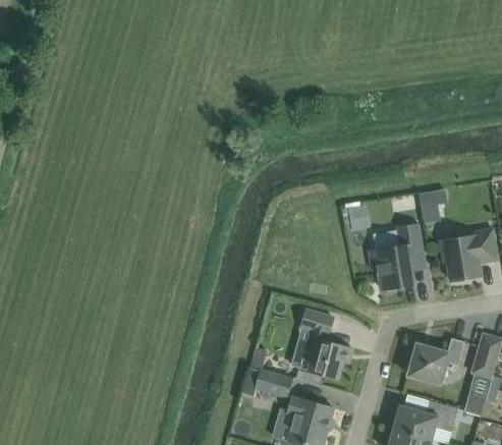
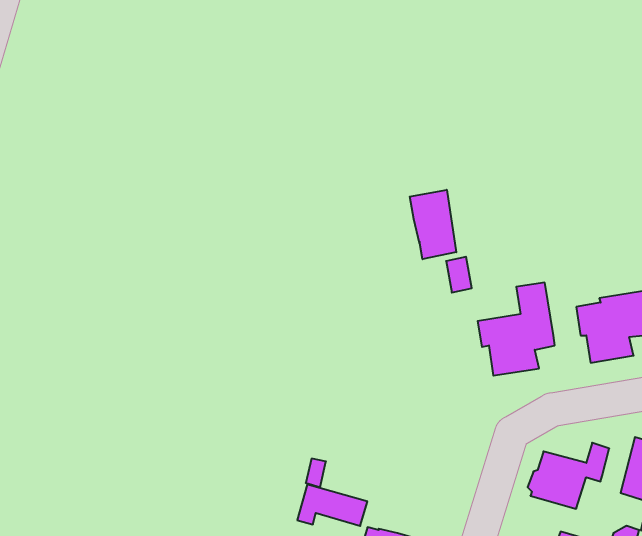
building: none -> [410,190,456,259]
building: [417,189,444,221] -> none
building: [301,310,353,379] -> none

